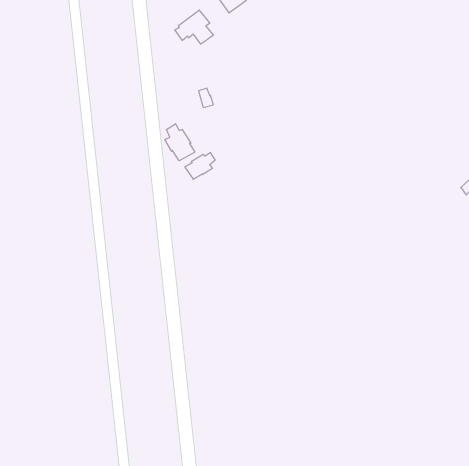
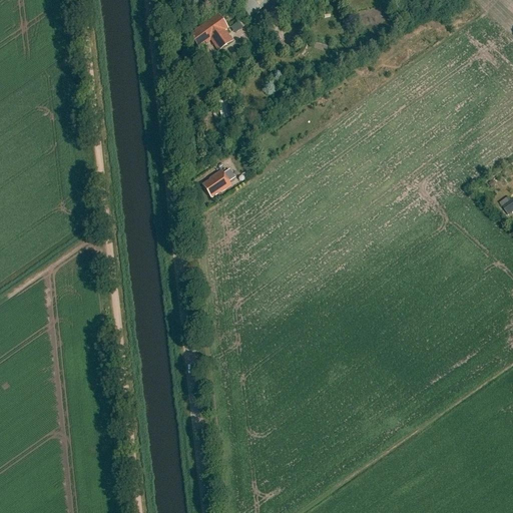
building: [165,124,195,161] -> none

